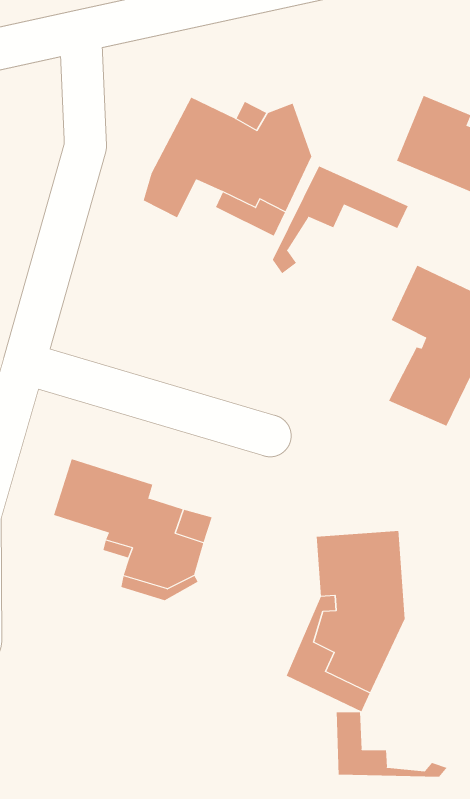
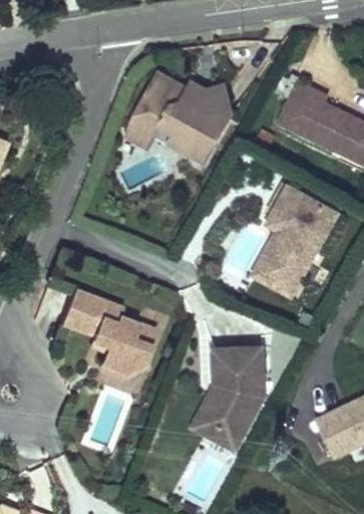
building: [272,166,408,274] -> none
building: none -> [251,218,299,298]
building: [336,711,447,777] -> none

